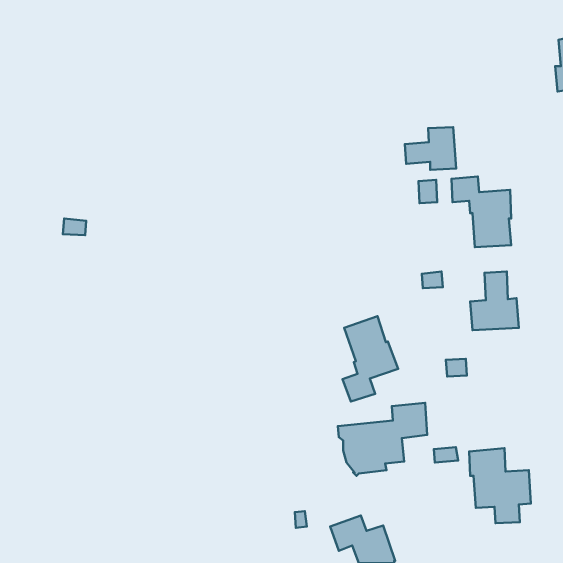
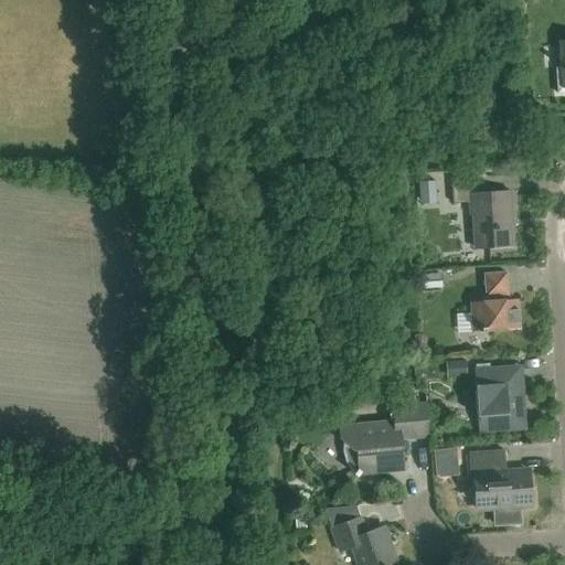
building: [405,127,456,170] -> none
building: [342,316,398,402] -> none
building: none -> [475,364,526,431]

